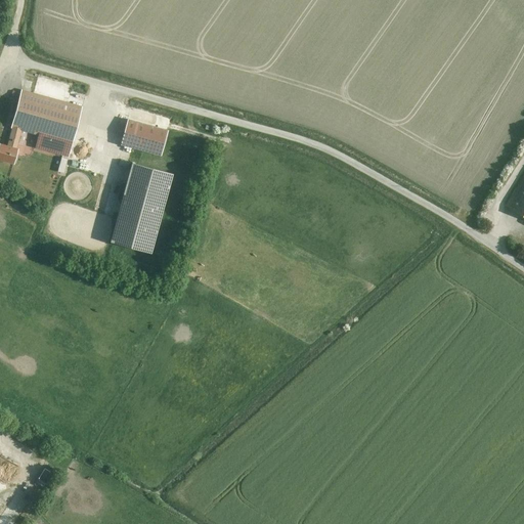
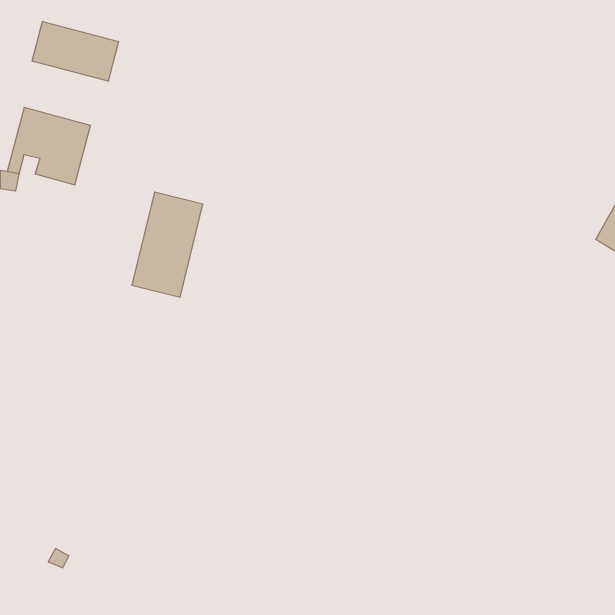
building: none -> [32,21,119,81]
building: [120,118,168,154] -> none

